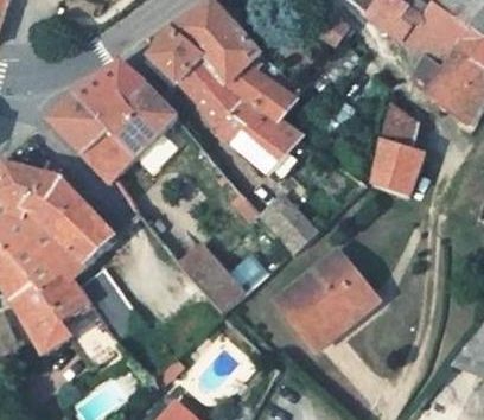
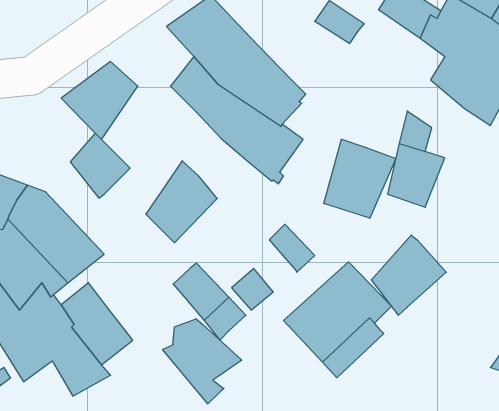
building: [147,28,196,87] -> none
building: [112,83,177,158] -> [146,161,217,243]
building: [47,94,106,152] -> none
building: none -> [324,139,396,218]
building: none -> [371,235,446,315]
building: none -> [163,319,242,404]

